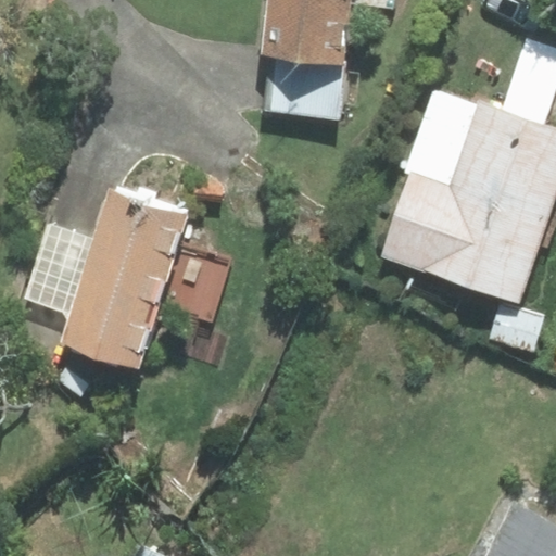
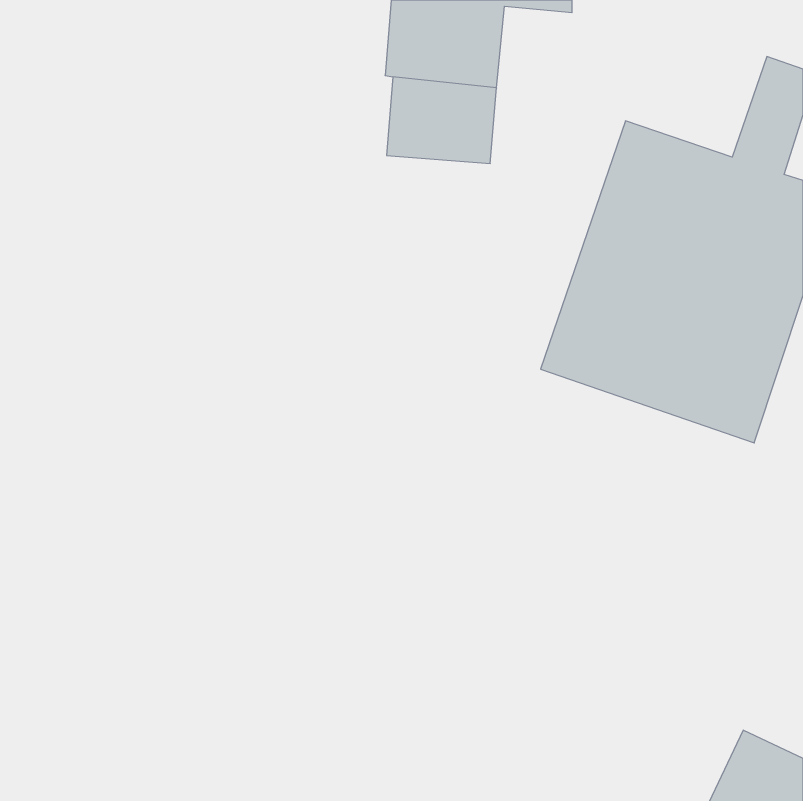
building: [23,192,232,365] -> none

